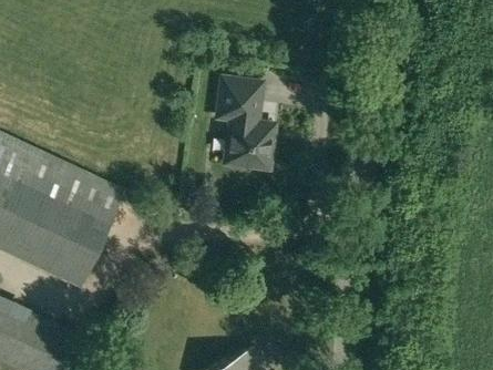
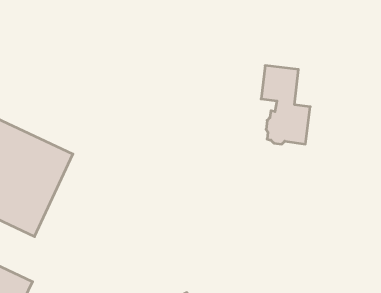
building: [219,79,275,167] -> [261,66,310,144]

